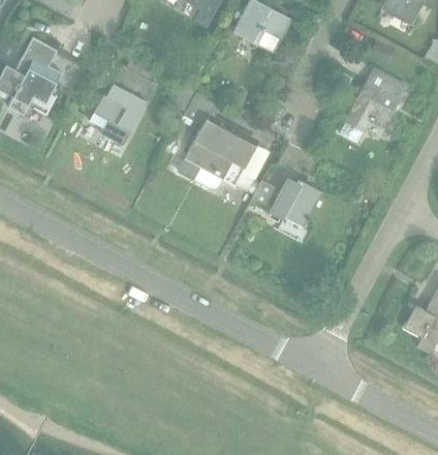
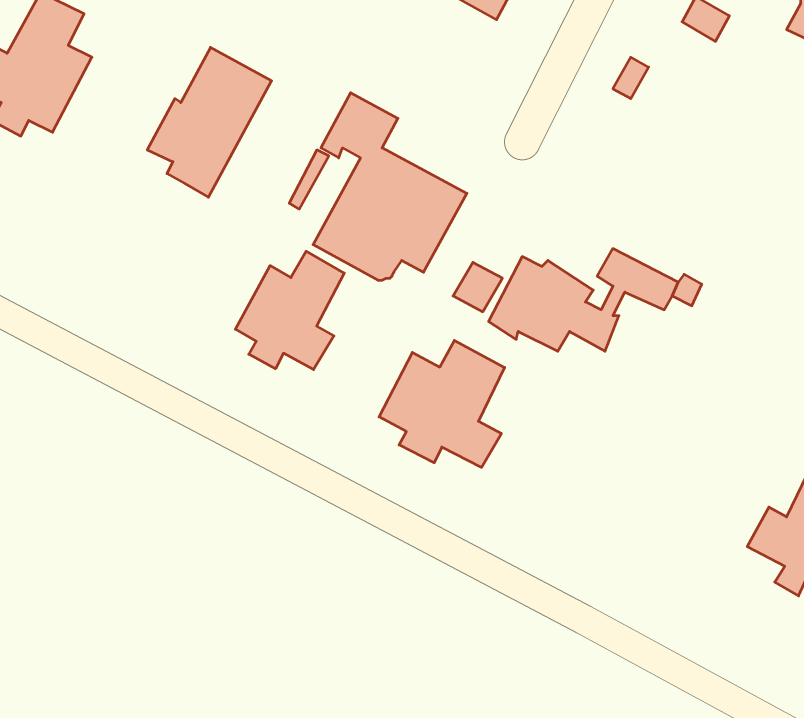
building: [339,66,406,143] -> none
building: none -> [235,251,344,370]
building: none -> [379,340,505,467]

